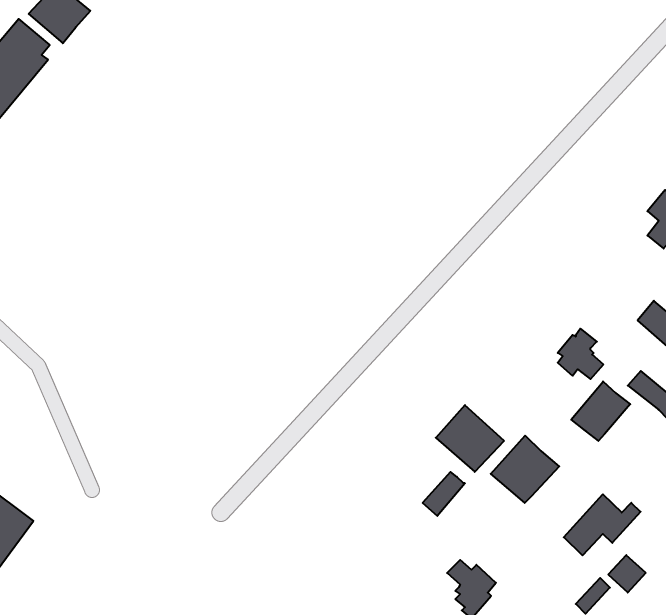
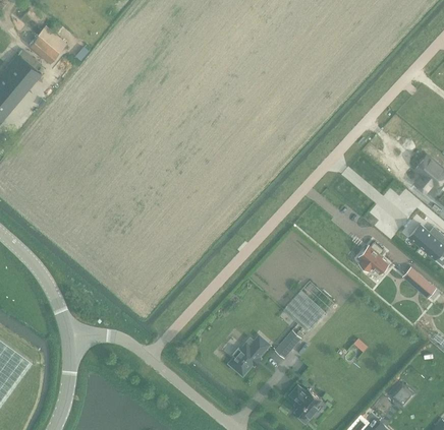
building: [571,381,630,441] -> none
building: [491,436,559,503] -> none
building: none -> [229,336,270,375]
building: [564,494,641,555] -> none

